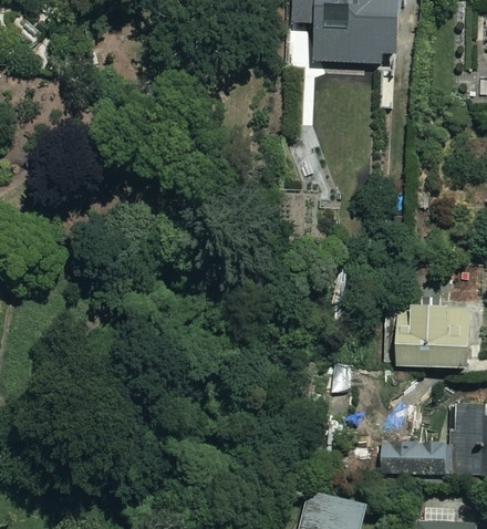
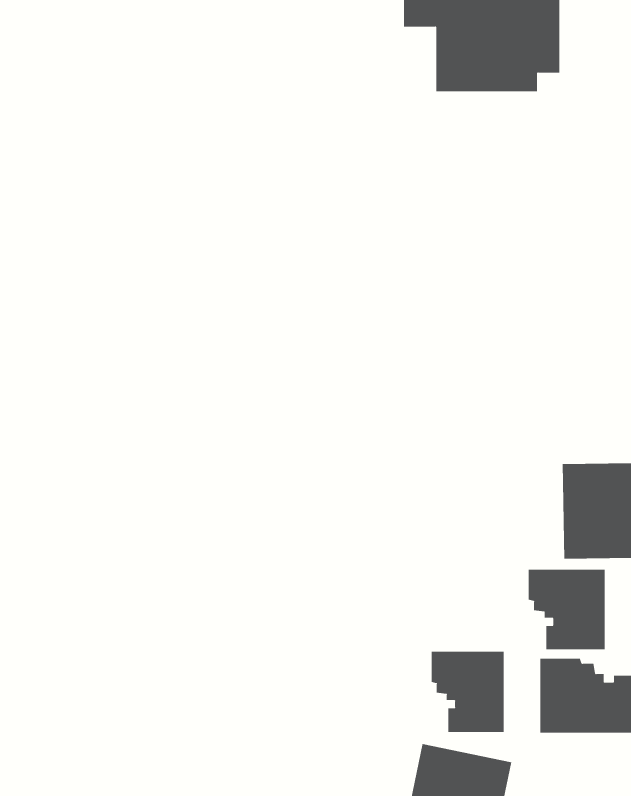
building: none -> [528,569,605,650]
building: none -> [431,651,504,733]

